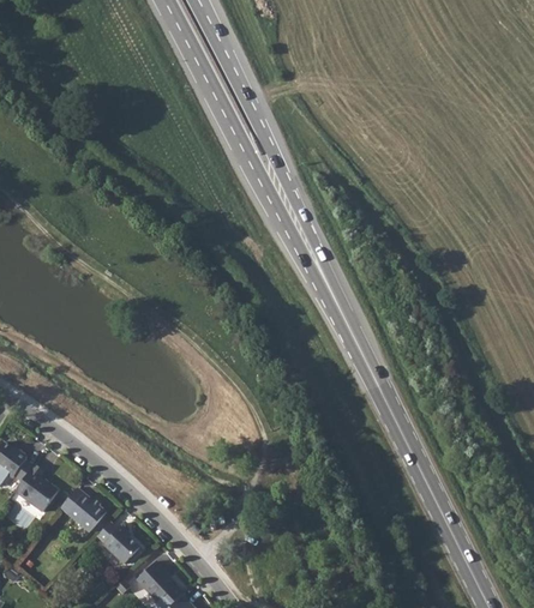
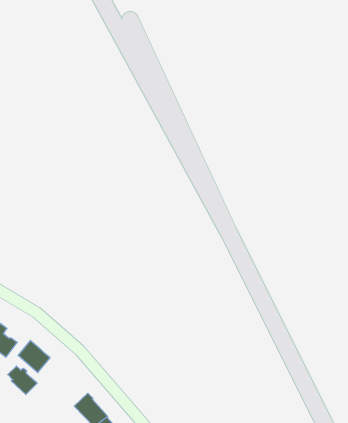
building: [98,522,139,561] -> [8,366,37,394]

